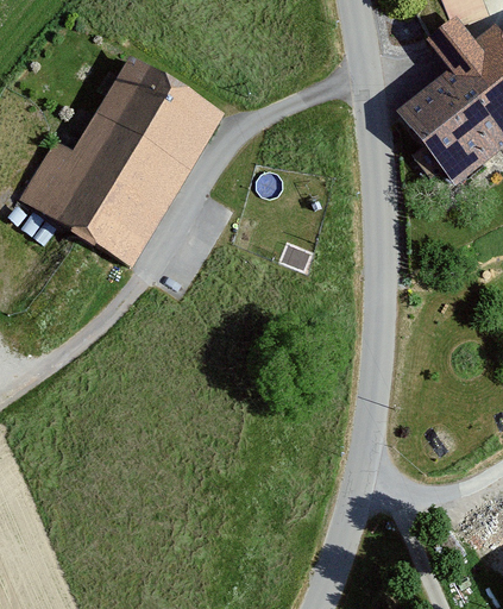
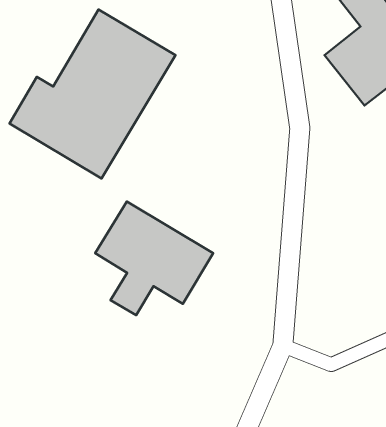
building: none -> [95,201,213,315]

